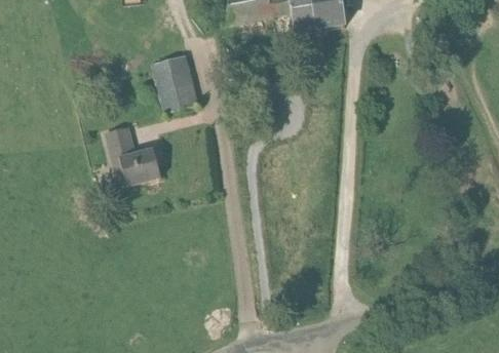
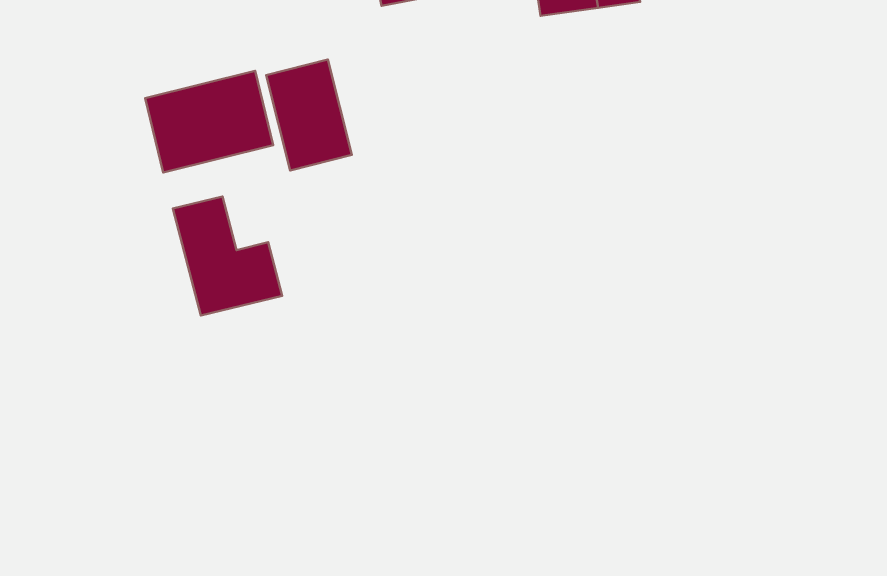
building: none -> [145,71,273,173]

